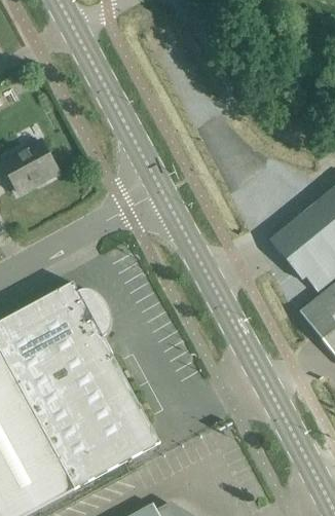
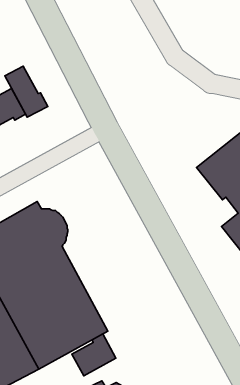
building: none -> [5,66,48,117]
building: none -> [72,334,116,376]

